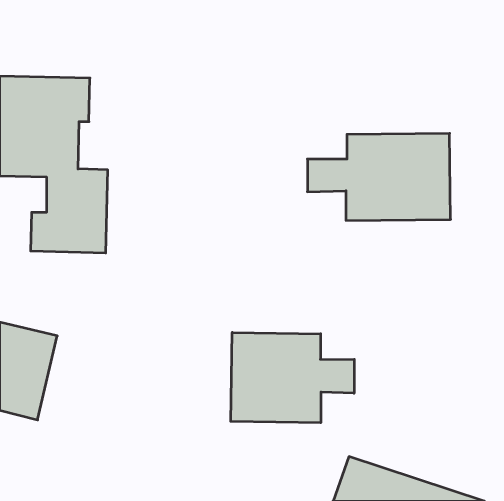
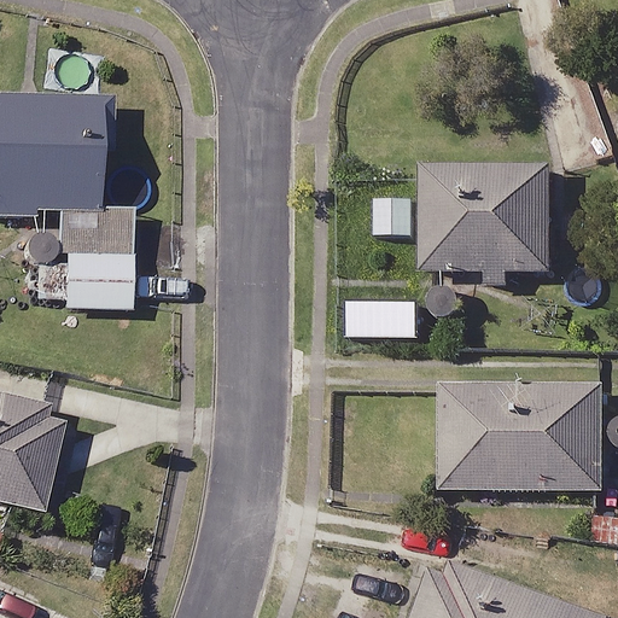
building: none -> [438,379,605,490]
building: [231,332,354,423] -> none

